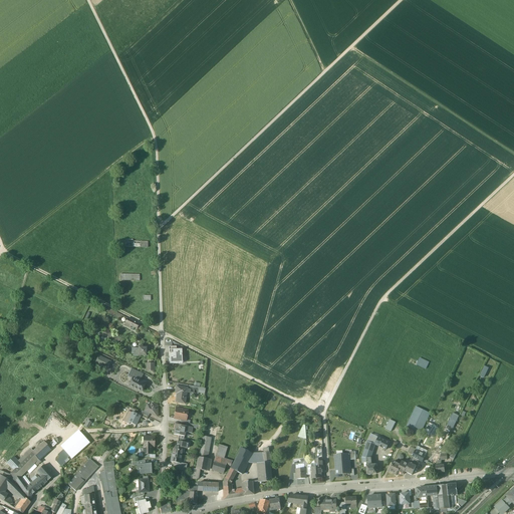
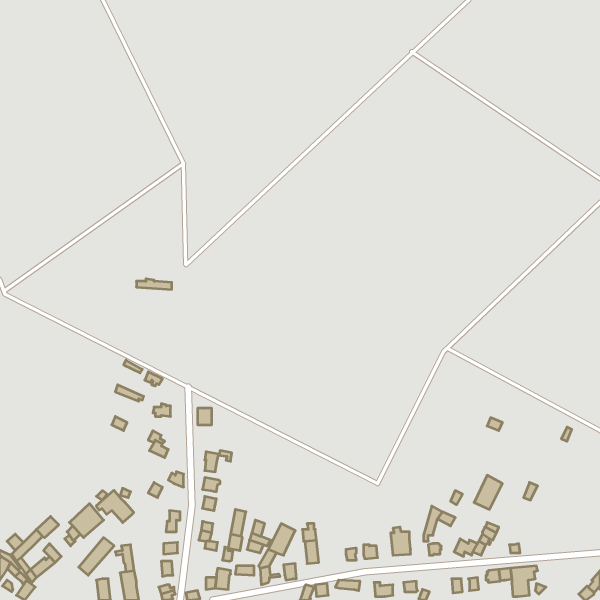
building: none -> [96,490,134,523]

